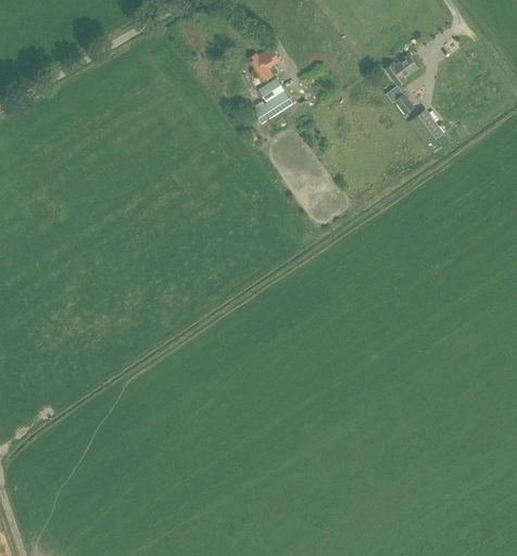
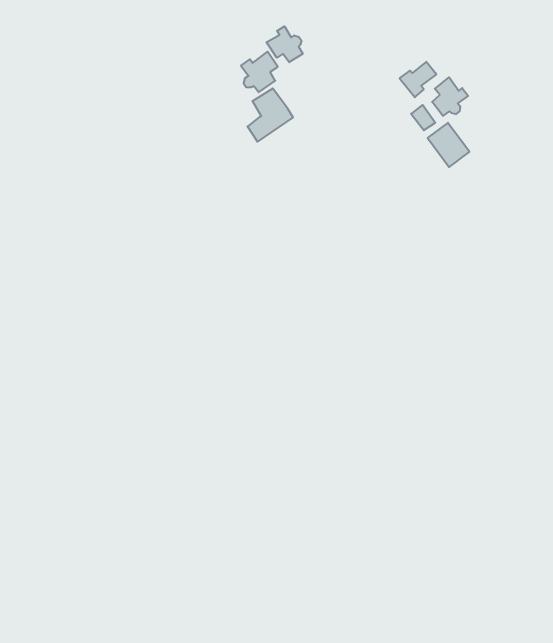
building: none -> [267,26,303,62]
building: none -> [432,77,468,116]

